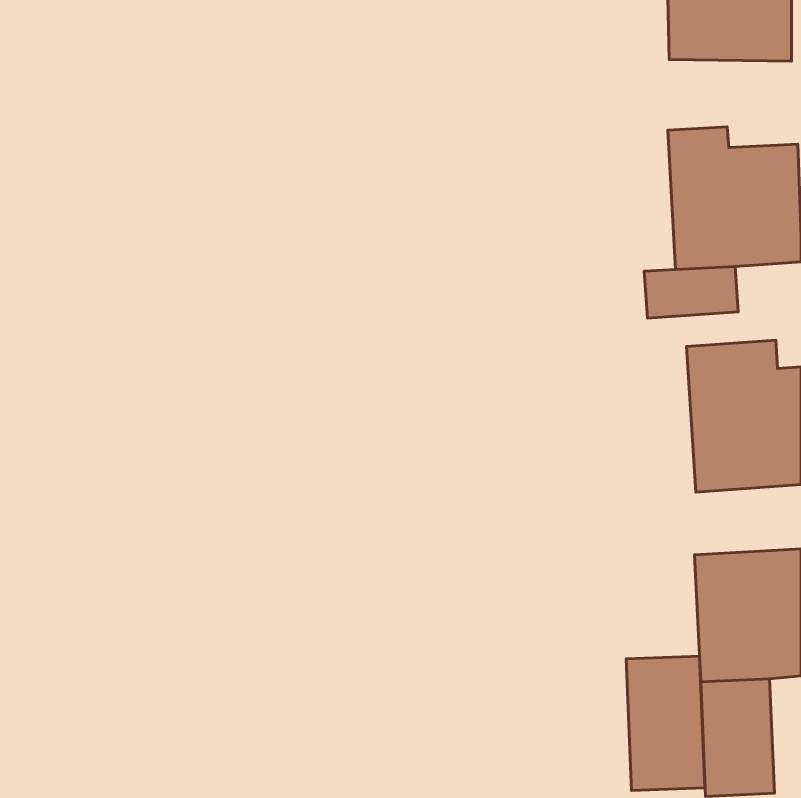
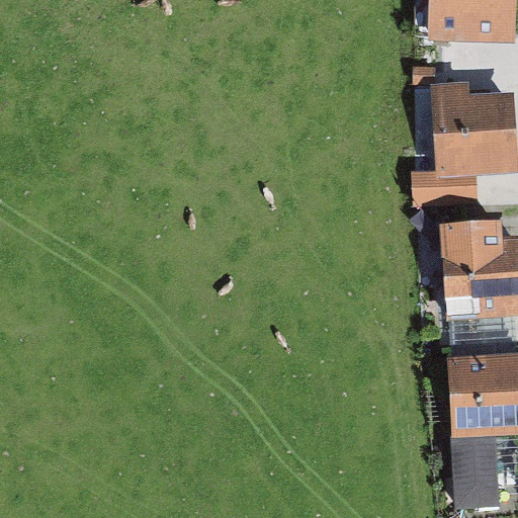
building: [626,656,705,791] -> none

